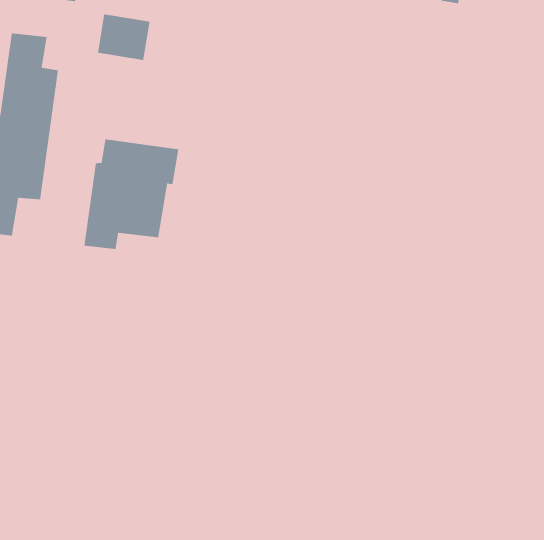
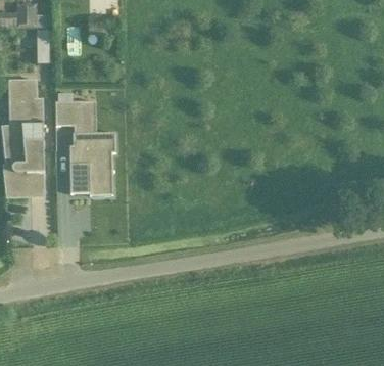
building: [97,14,151,61] -> [54,102,81,125]

